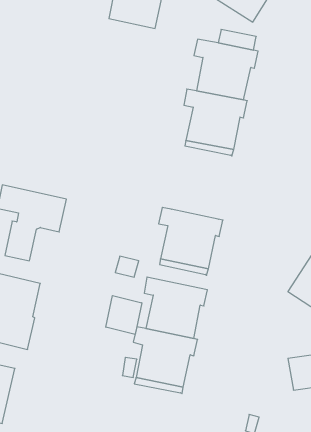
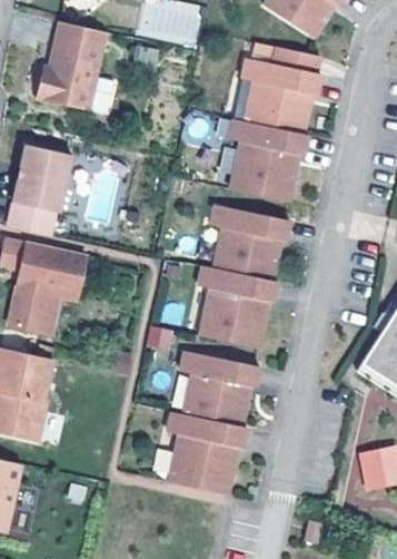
building: none -> [36,20,113,112]
building: none -> [8,144,71,235]
building: none -> [210,205,289,279]
building: [106,296,142,334] -> none

